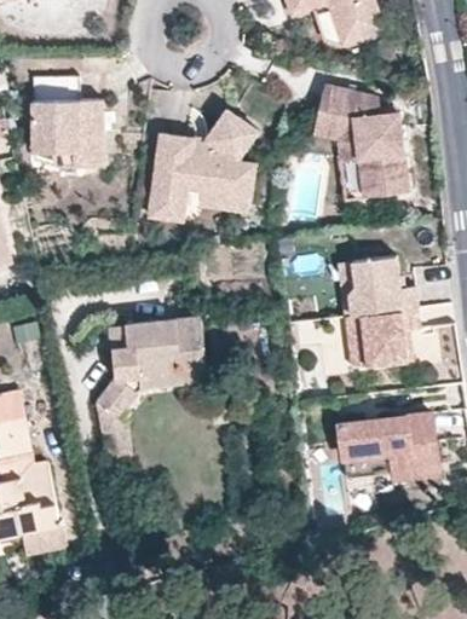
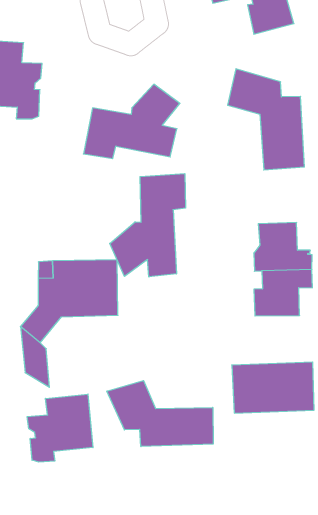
building: none -> [110,174,185,277]
building: none -> [107,381,213,447]
building: none -> [27,394,93,462]

